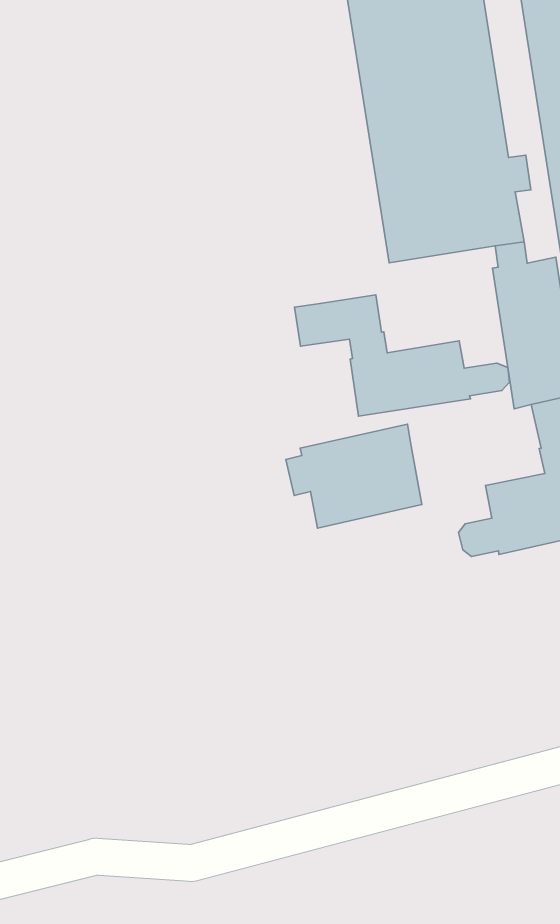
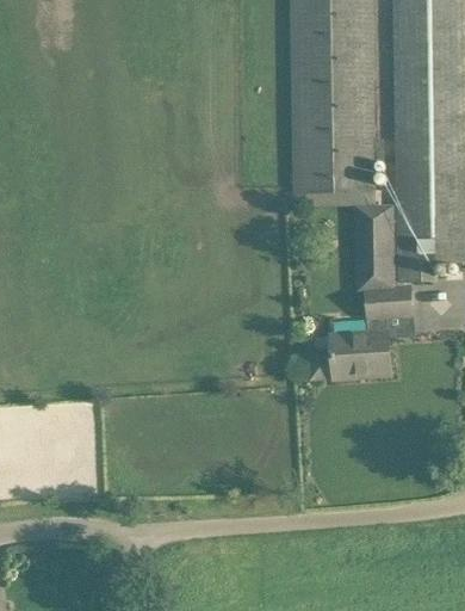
building: [294,295,509,416] -> none
building: [286,424,422,528] -> none

